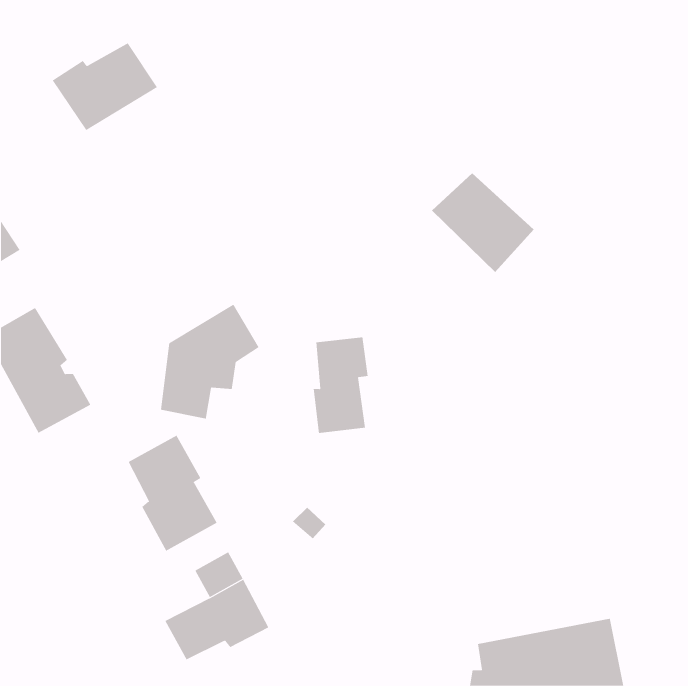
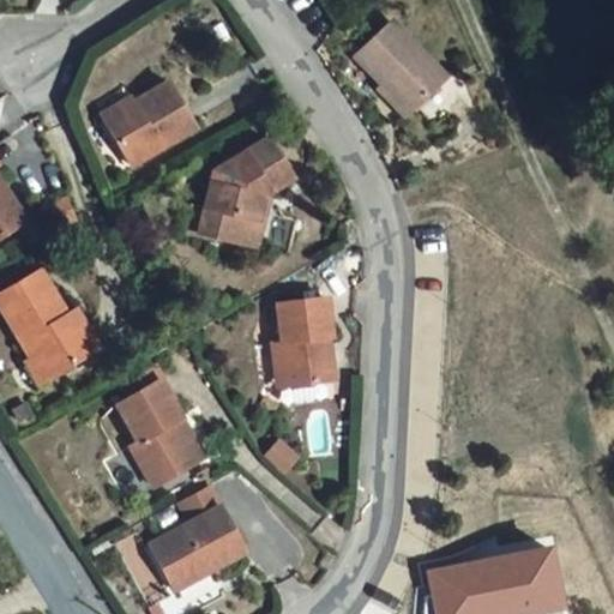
building: [52,42,158,131] -> [104,84,198,162]
building: [431,172,535,273] -> [359,26,450,115]
building: [160,304,260,419] -> [205,139,293,241]

